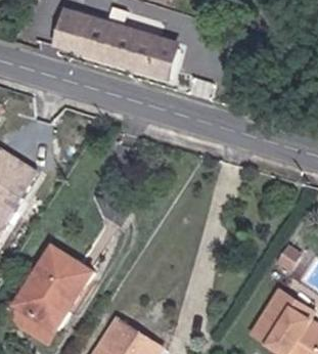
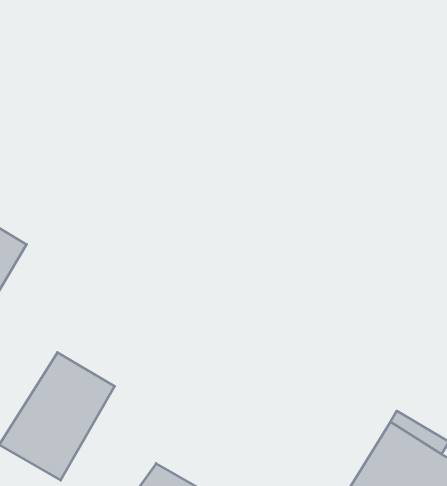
building: [56,18,169,77] -> none

